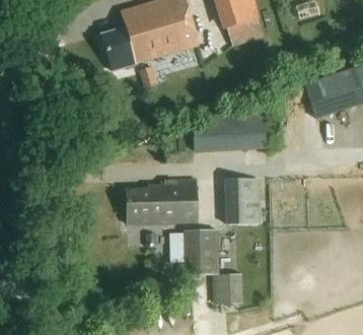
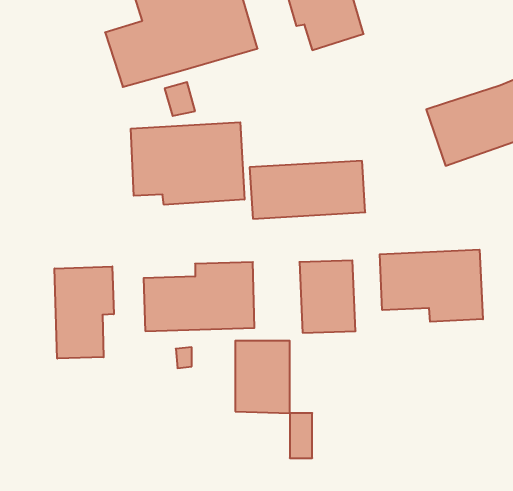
building: none -> [131,122,244,205]
building: none -> [380,250,483,322]
building: none -> [55,266,114,359]

